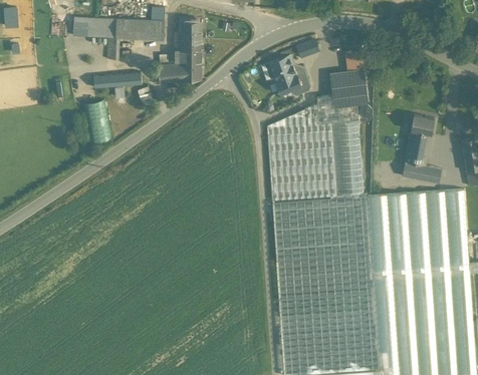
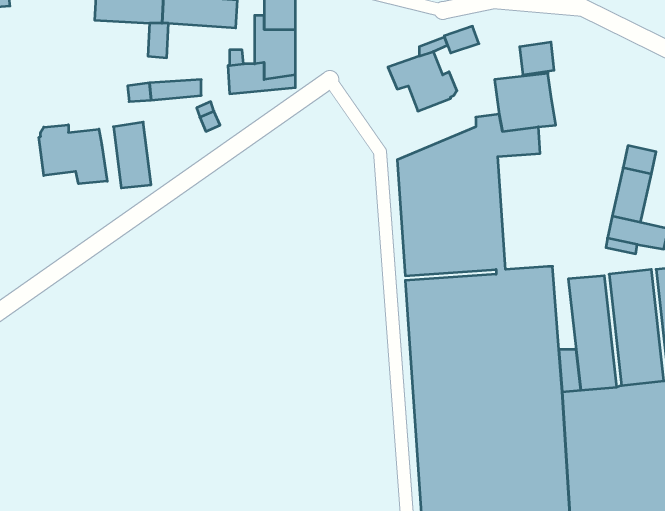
building: none -> [39,125,107,184]
building: [331,120,364,195] -> none

